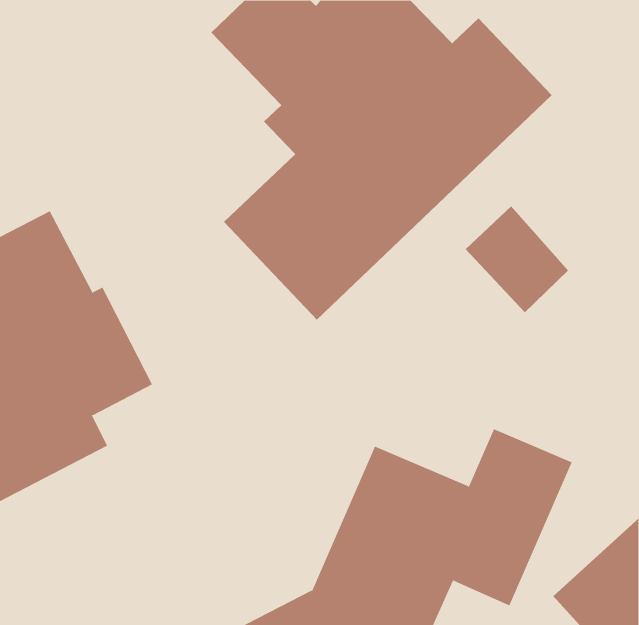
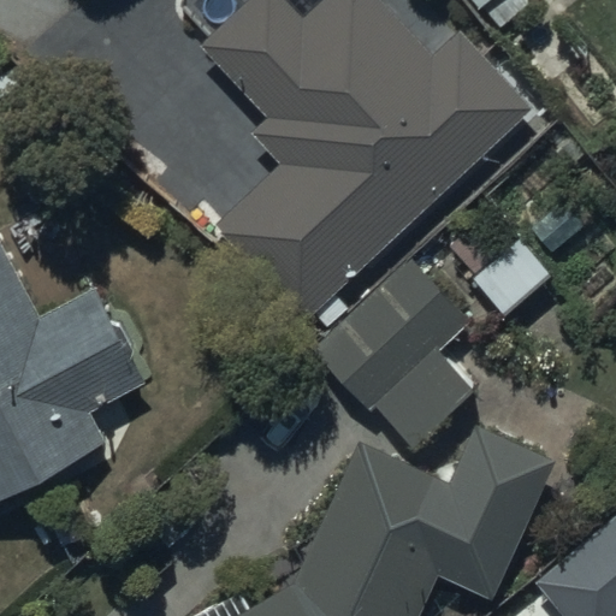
building: none -> [314,260,473,446]

